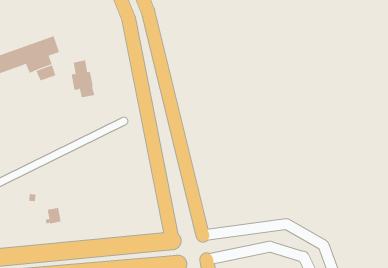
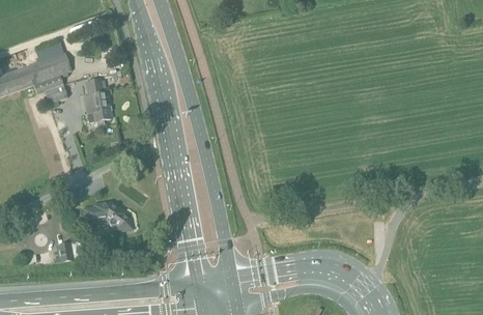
building: none -> [85,201,132,229]

